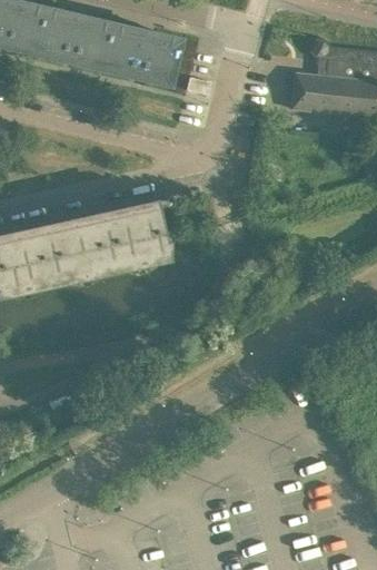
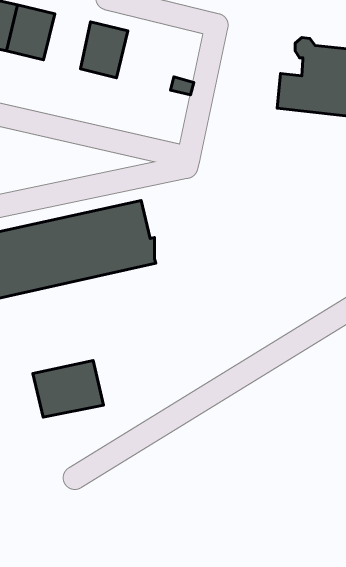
building: [61,14,108,69] -> none
building: [133,31,181,86] -> none
building: none -> [33,360,103,417]

